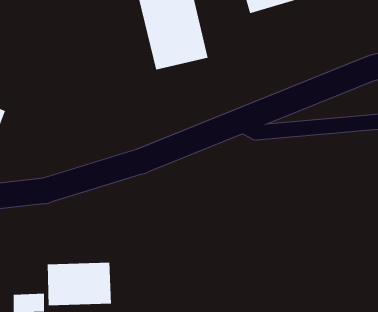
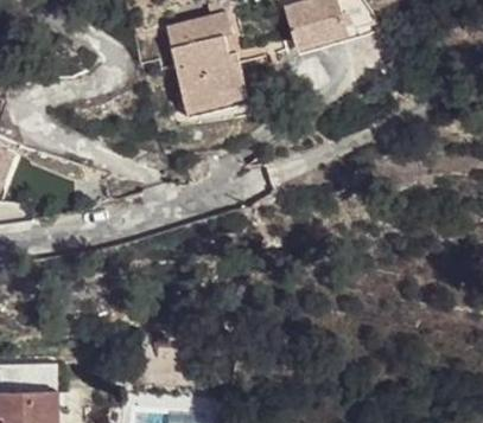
building: [47,262,111,306] -> none

